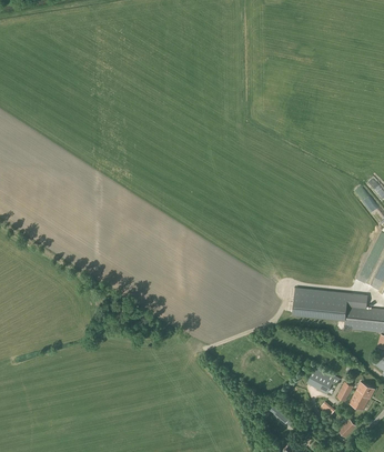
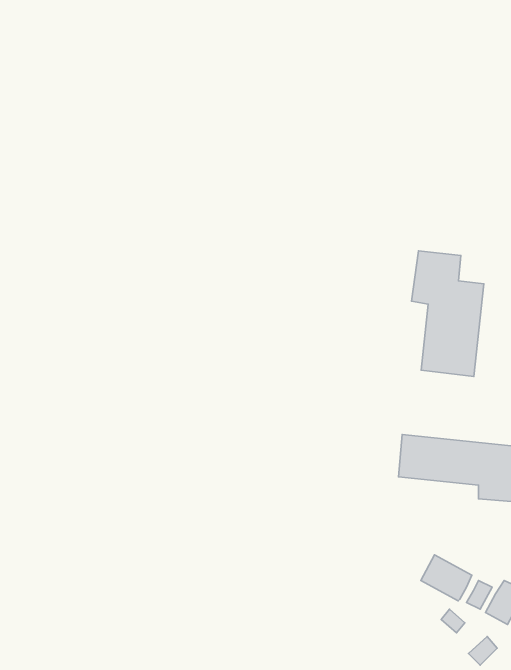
building: none -> [411,251,484,377]

